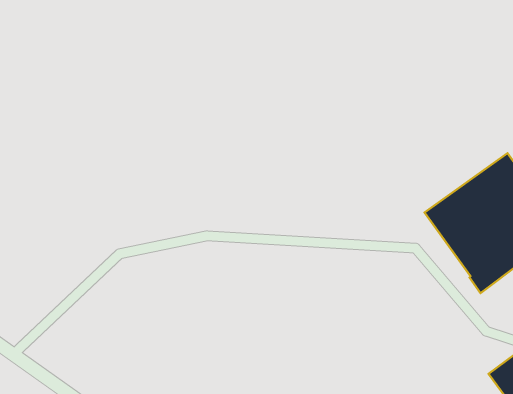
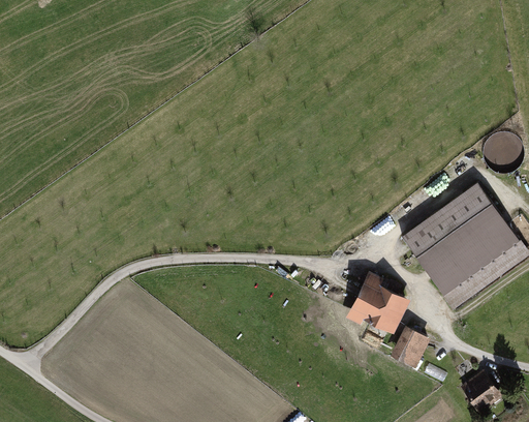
building: none -> [345,270,410,333]
building: none -> [390,326,430,368]

